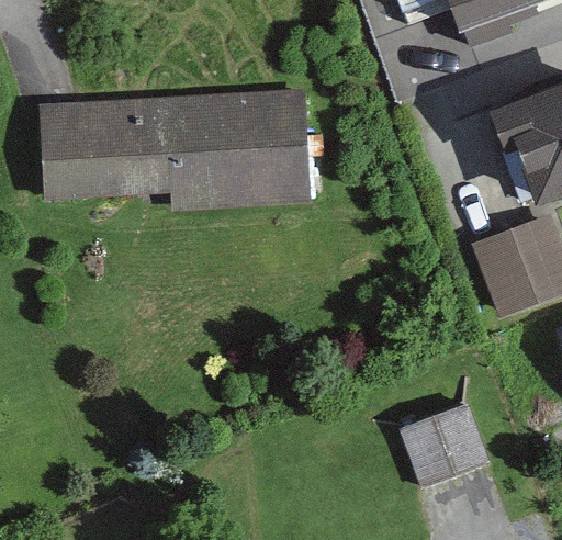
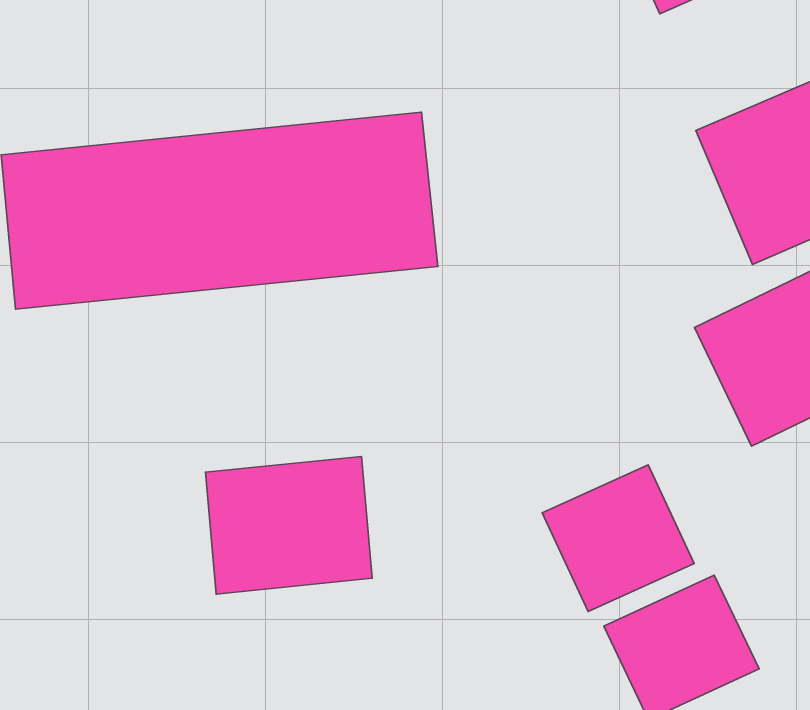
building: none -> [206,457,372,594]
building: none -> [542,465,694,611]

